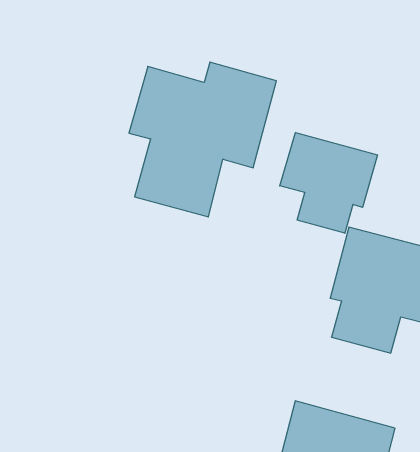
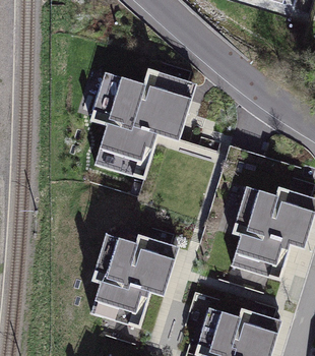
building: [280,133,377,233] -> none
building: none -> [91,234,177,325]

